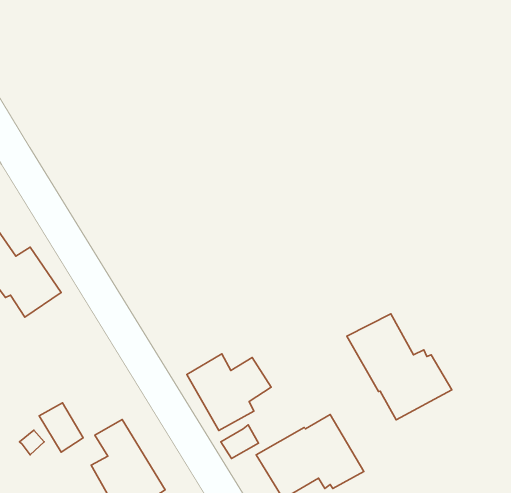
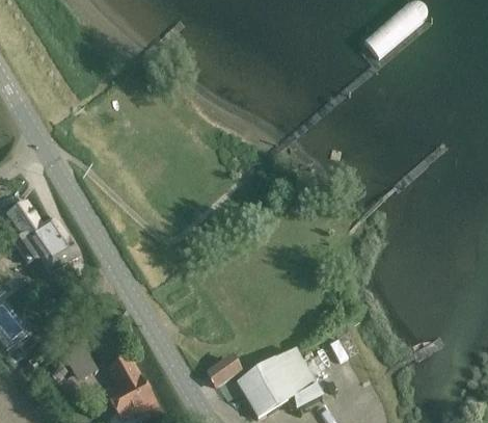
building: [347,314,452,420] -> none
building: [187,354,271,431] -> none

